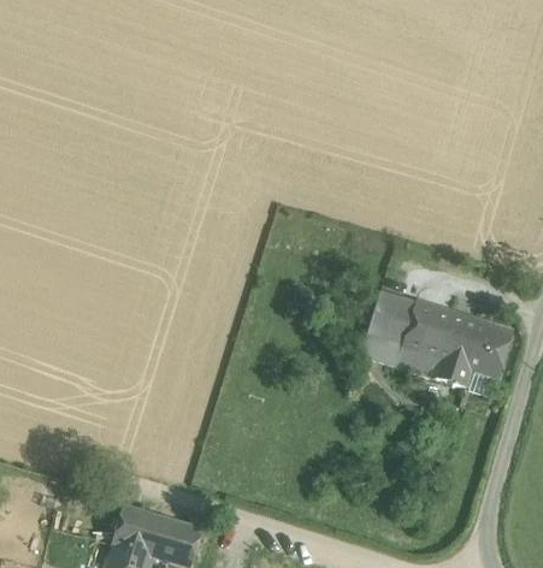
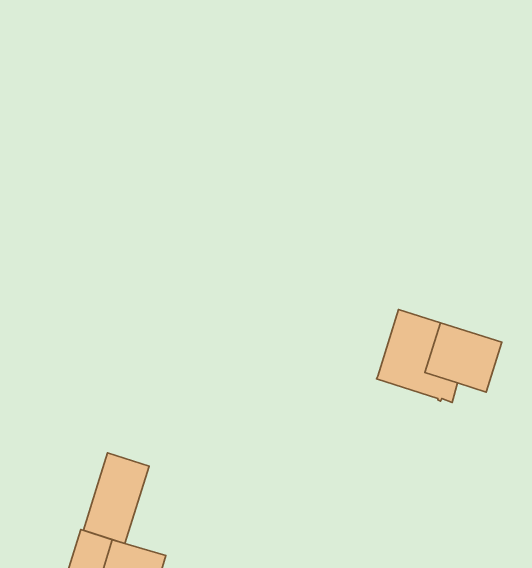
building: [362,290,417,362] -> none
building: none -> [83,453,149,543]

